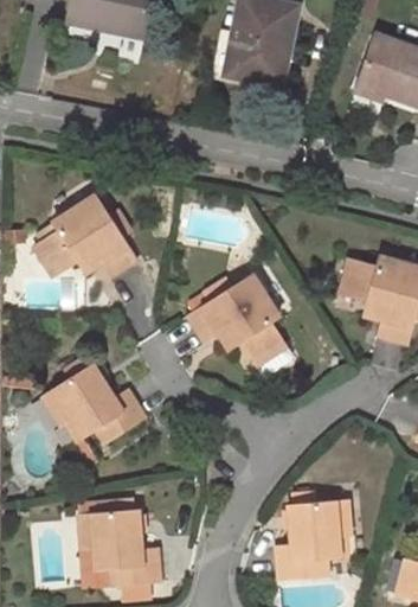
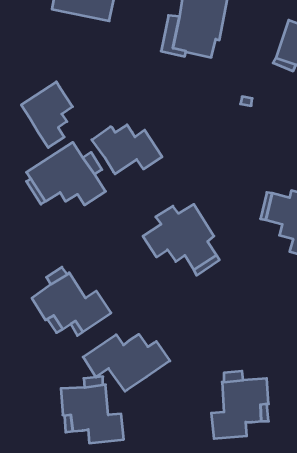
building: none -> [21,82,73,148]
building: none -> [92,125,162,174]
building: none -> [83,334,170,391]

